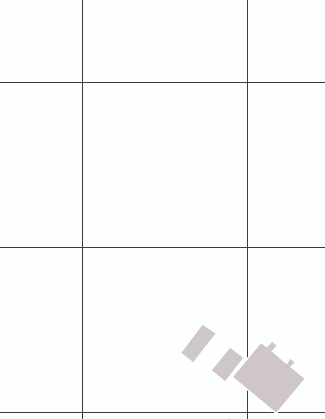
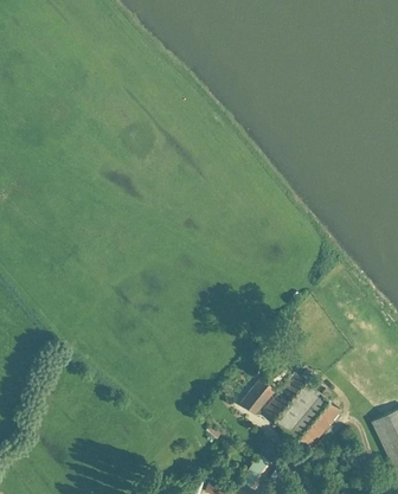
building: [180,324,216,363] -> none

